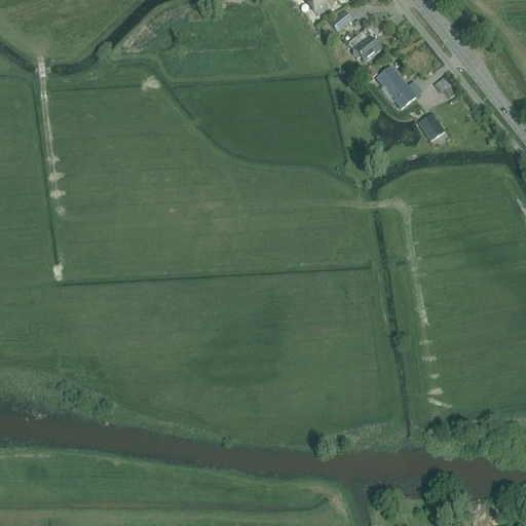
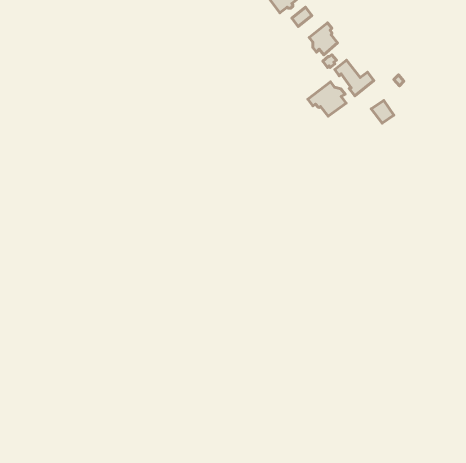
building: none -> [308,82,346,116]

